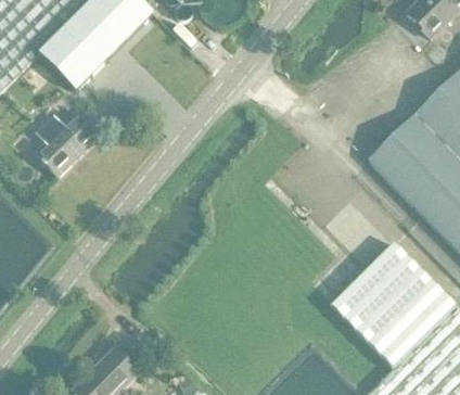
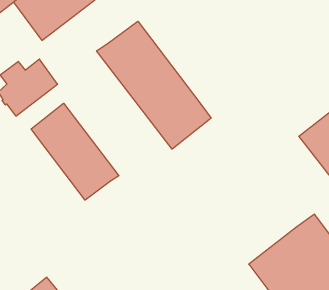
building: none -> [97,21,211,149]
building: none -> [31,103,119,200]

